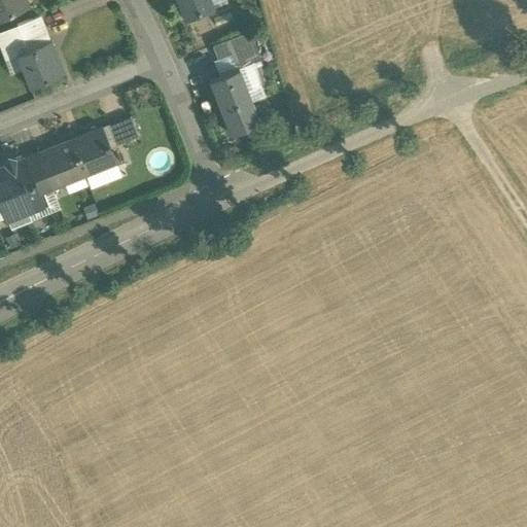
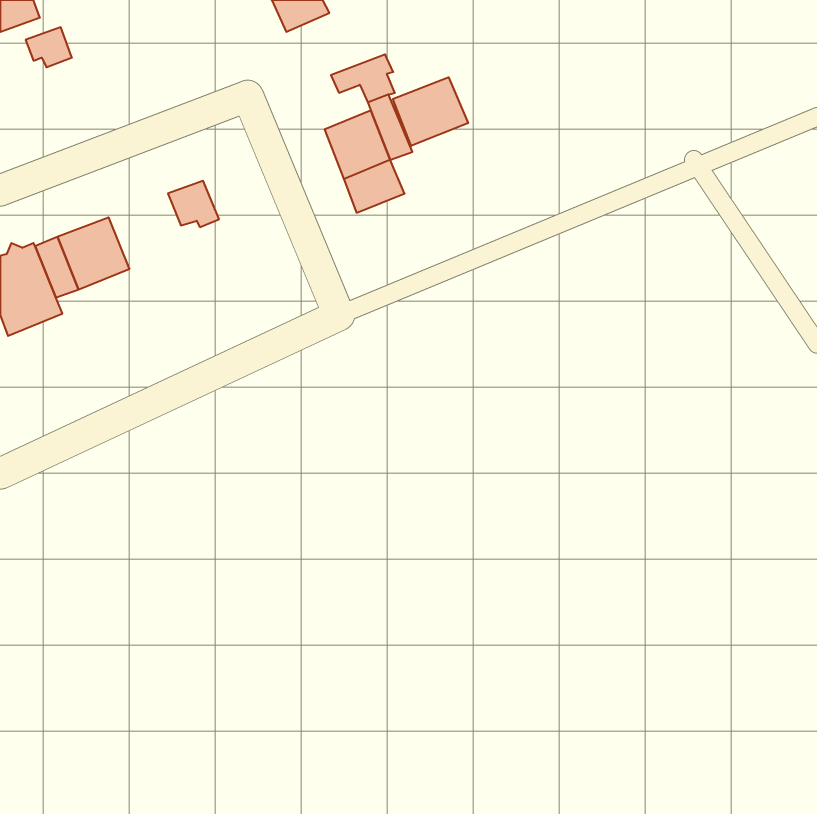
building: [17,45,62,91] -> none
building: none -> [393,77,468,146]
building: [70,130,115,175] -> none

